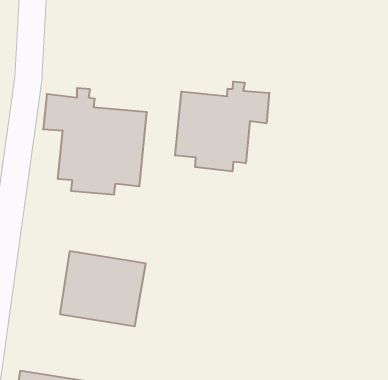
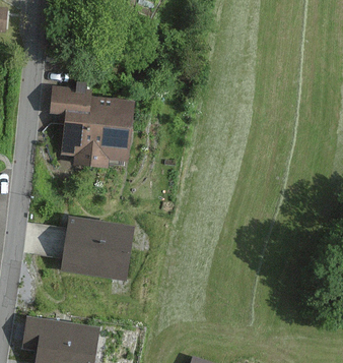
building: [175,81,269,171] -> none

